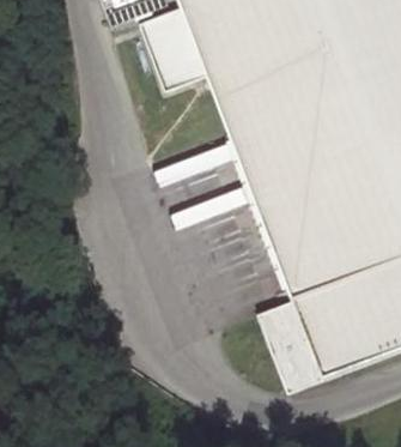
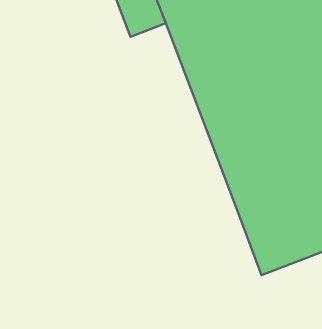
building: [257,296,323,389] -> none

